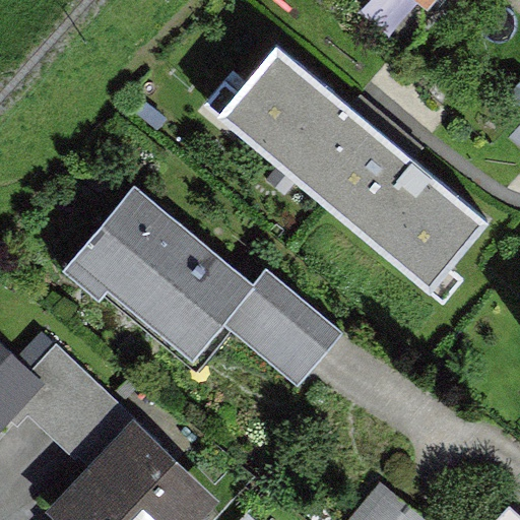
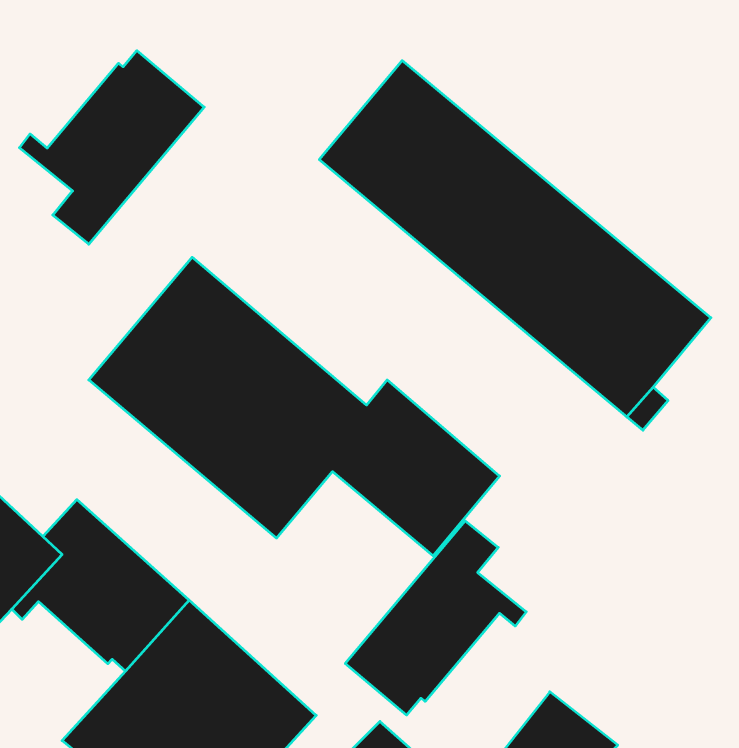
building: none -> [19,51,204,244]
building: none -> [345,521,526,715]

